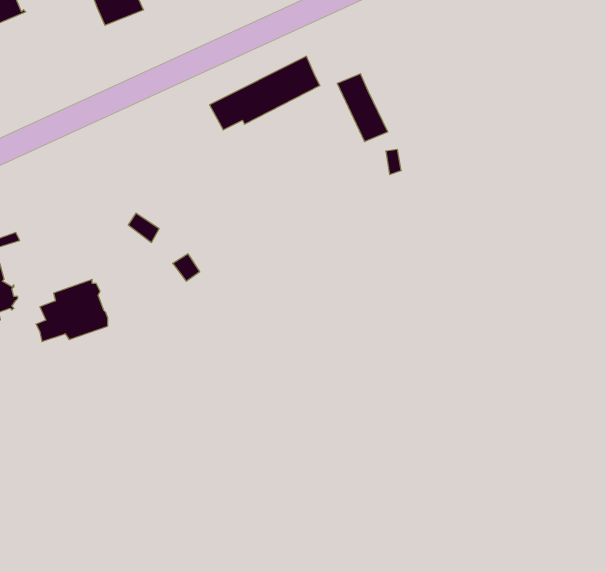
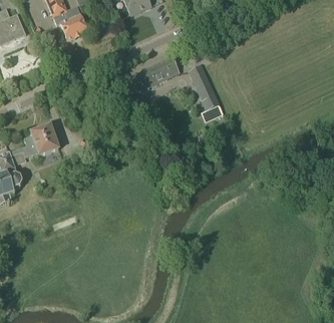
building: [36,280,108,342] -> [21,123,58,155]

